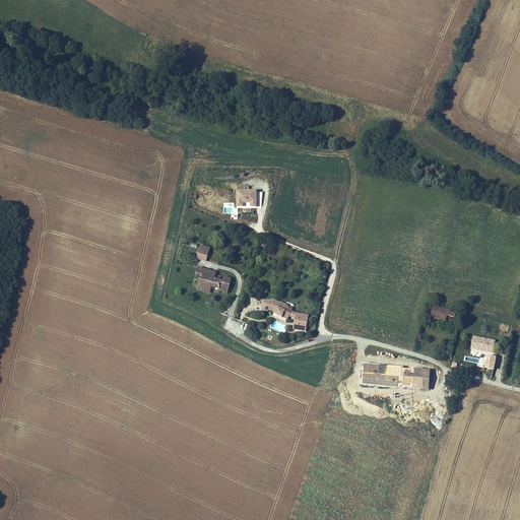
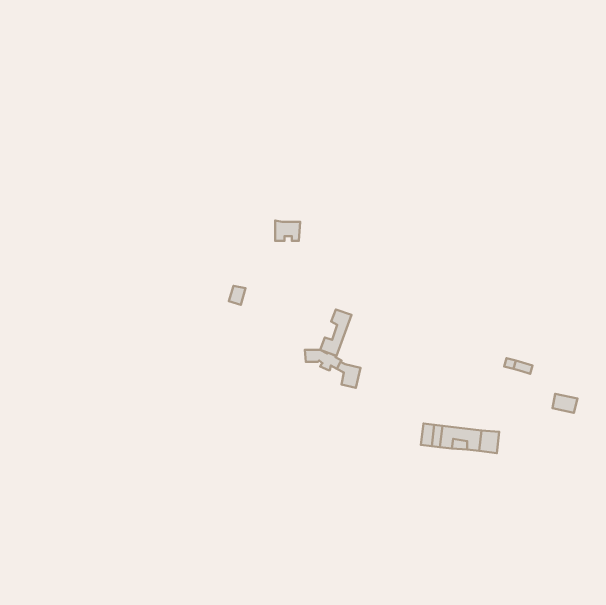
building: none -> [320,309,351,356]
building: [195,266,232,294] -> none

